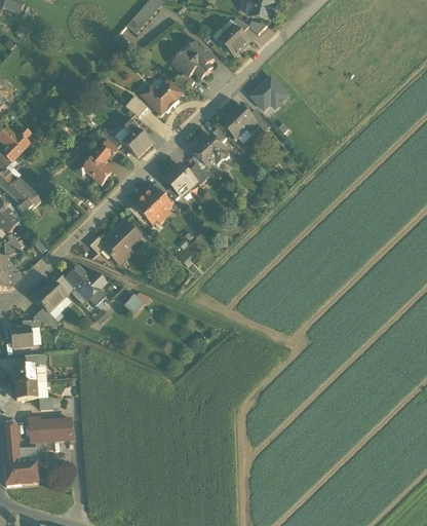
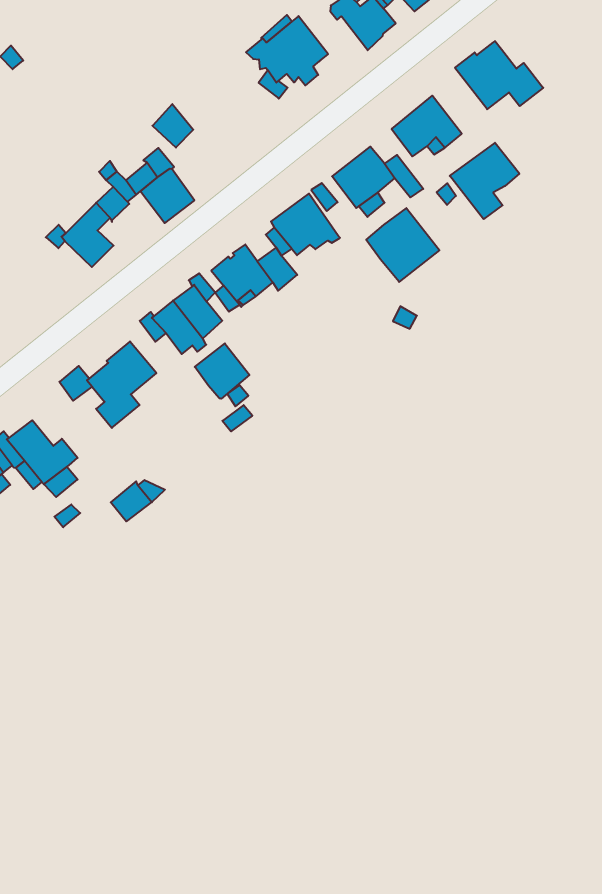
building: none -> [455,41,543,109]
building: [143,78,183,112] -> none
building: none -> [450,143,519,219]
building: none -> [366,208,439,282]
building: none -> [195,343,249,399]

